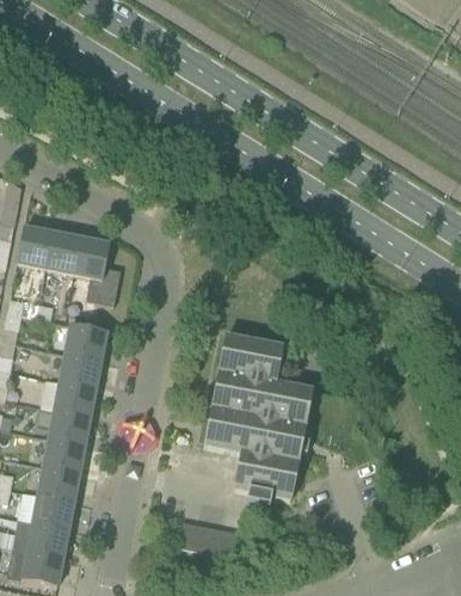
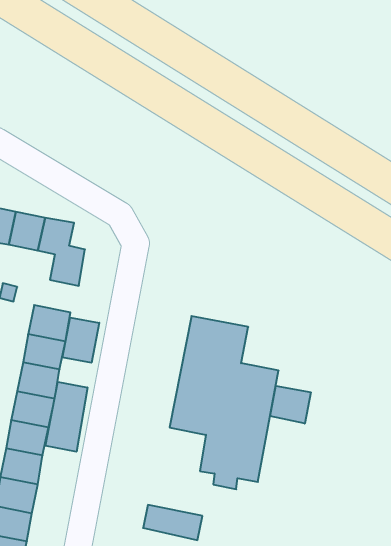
building: none -> [62,318,99,363]
building: none -> [46,382,87,452]
building: none -> [270,386,311,424]

